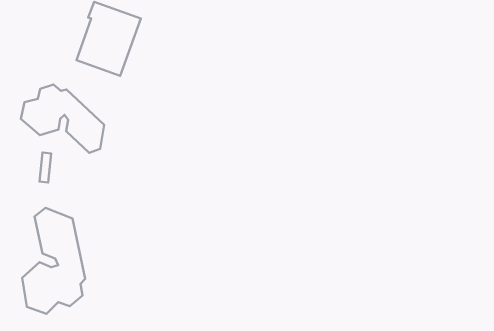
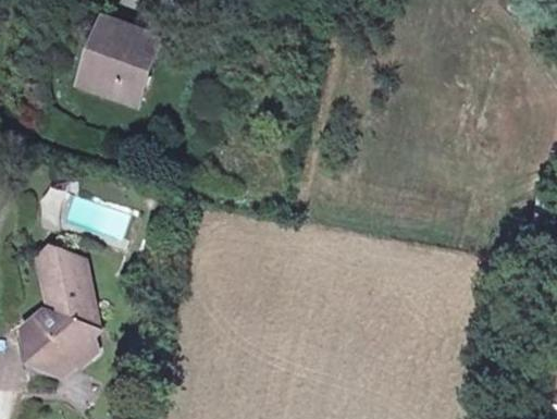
building: [21,84,104,153] -> none

